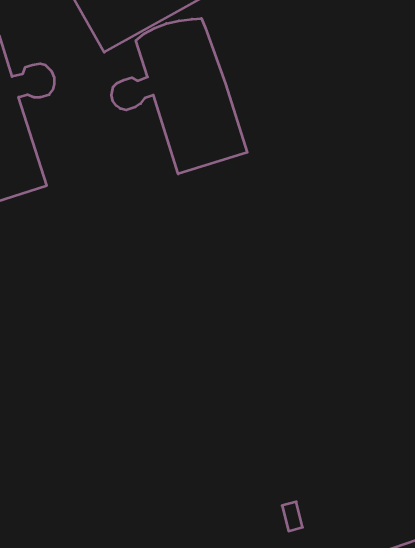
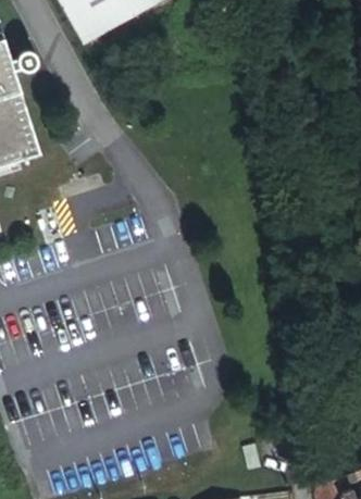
building: [111,18,247,174] -> none

